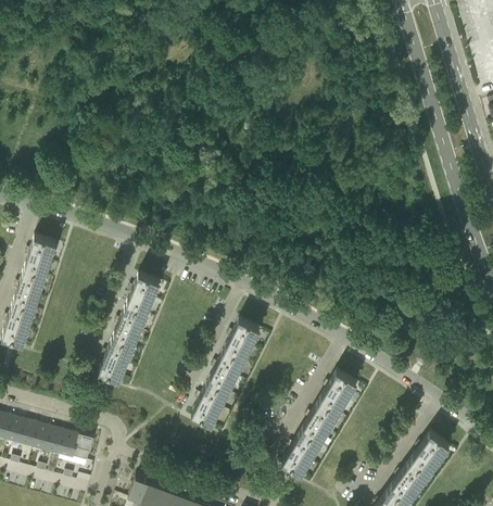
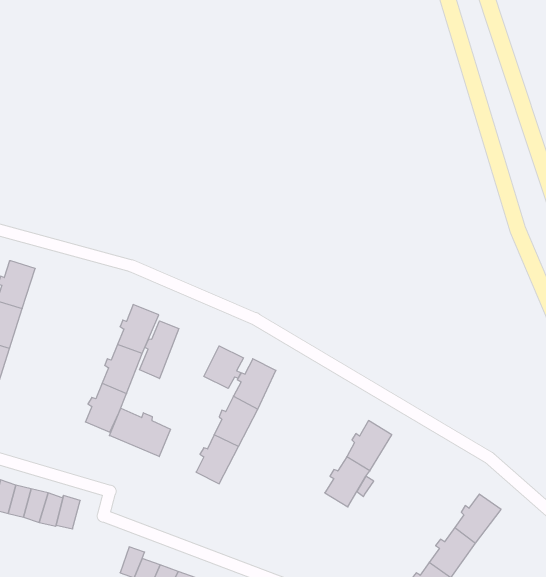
building: none -> [140,321,179,379]
building: none -> [204,346,243,388]
building: none -> [109,408,171,457]
building: [286,431,324,473] -> none

